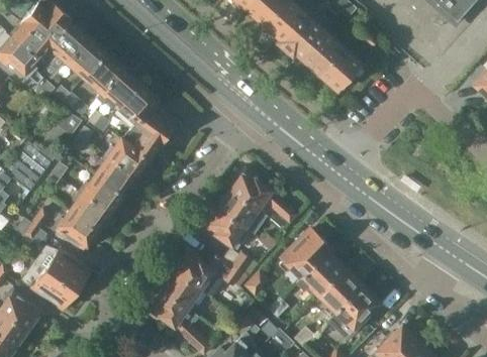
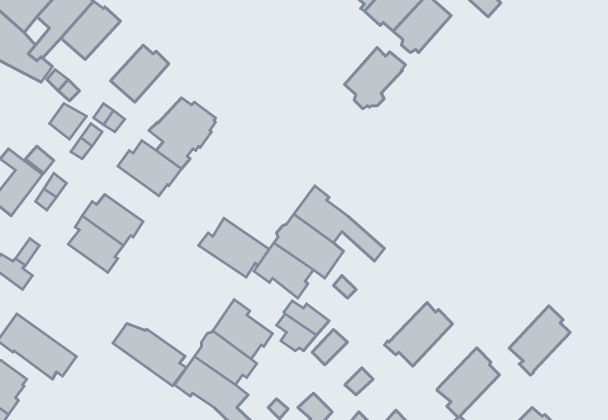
building: [320,47,364,91] -> [344,48,405,109]
building: [83,51,124,94] -> none
building: [118,82,159,124] -> none
building: [97,154,135,194] -> none
building: none -> [199,218,269,277]
building: [55,210,99,248] -> none
building: [279,229,330,279] -> none
building: [34,245,87,289] -> [113,323,187,386]
building: [316,266,360,316] -> [509,306,570,375]

